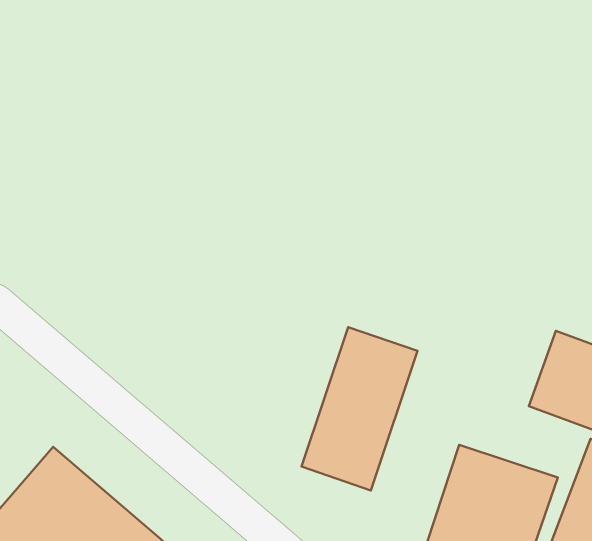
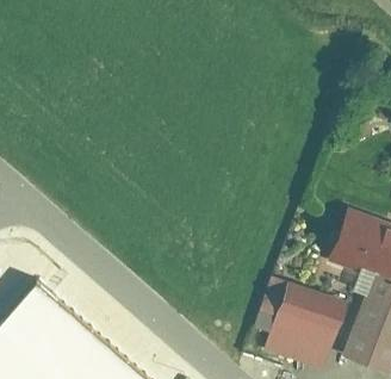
building: [302,327,418,491] -> none

